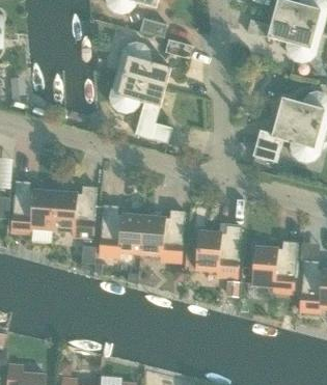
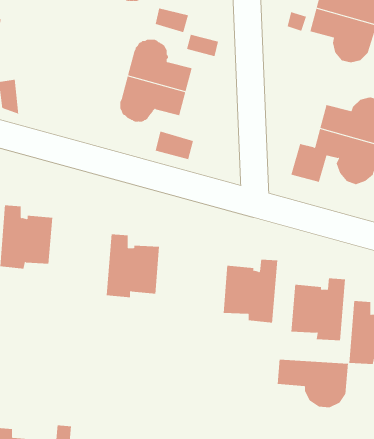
building: [52,185,97,237] -> none
building: [140,209,185,262] -> none
building: none -> [277,359,348,408]

